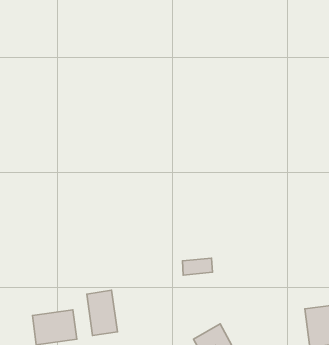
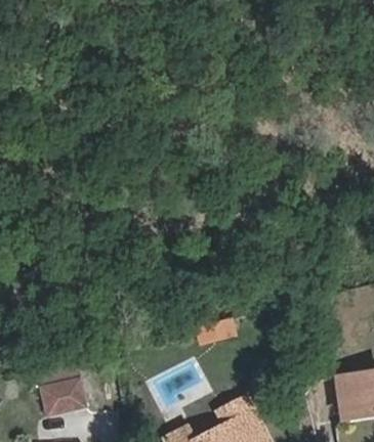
building: [87,290,117,336] -> none

